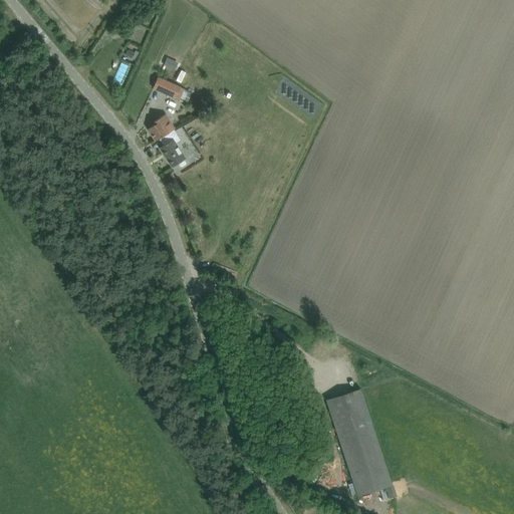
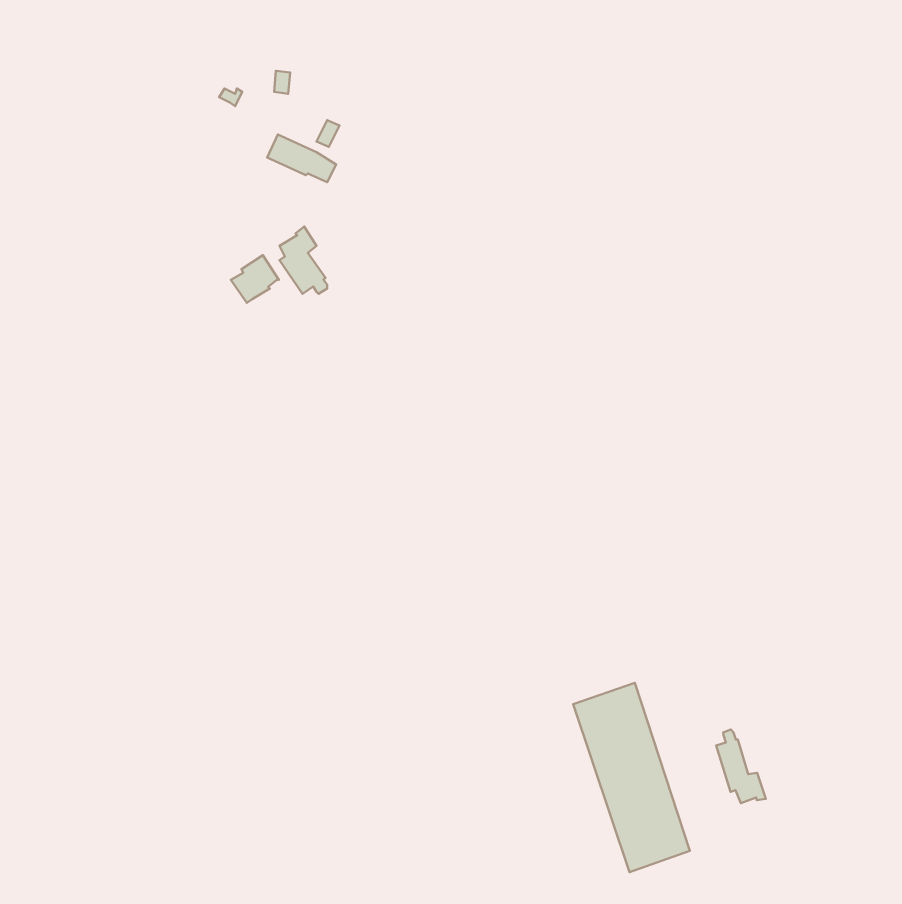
building: [147,114,174,142] -> [231,255,279,303]
building: none -> [716,729,766,803]

